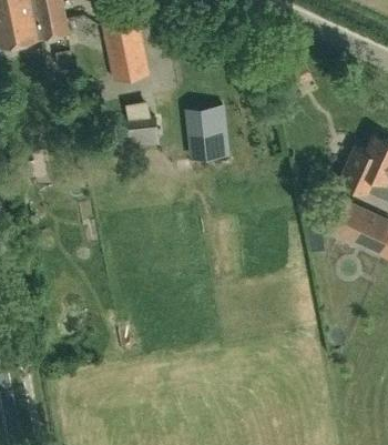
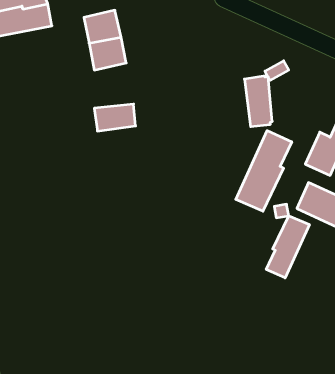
building: [190,108,219,162] -> [244,76,272,127]
building: none -> [236,131,292,211]
building: none -> [266,216,309,278]

